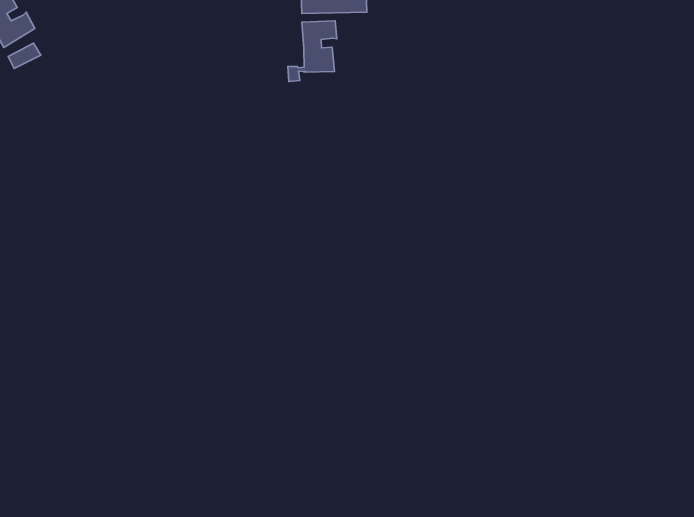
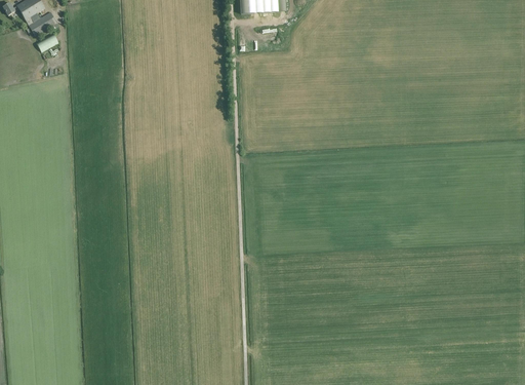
building: [288,21,337,81] -> none

